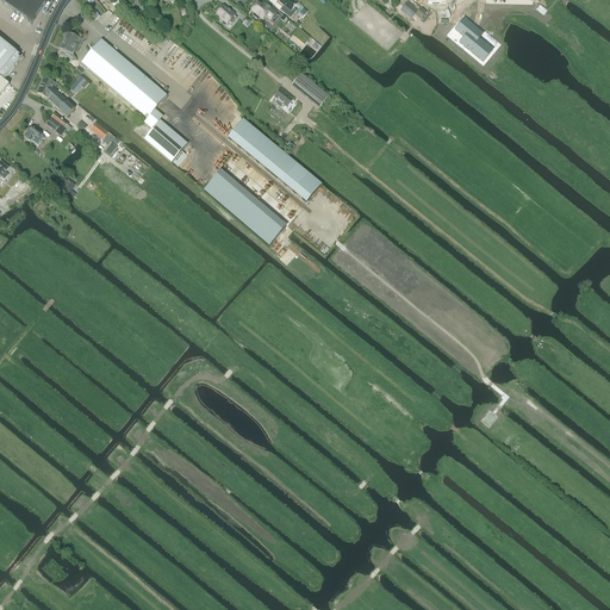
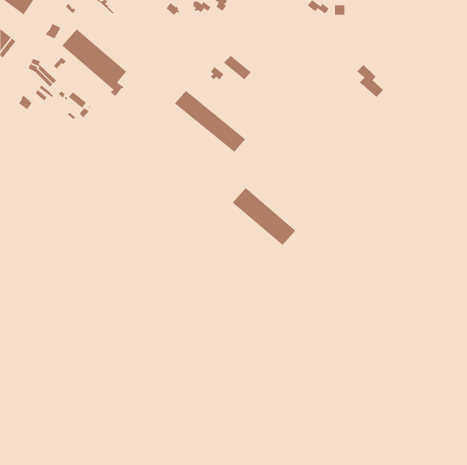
building: [453,18,488,62] -> [356,64,384,98]
building: [143,116,186,160] -> none
building: [203,168,286,244] -> [232,187,296,246]

